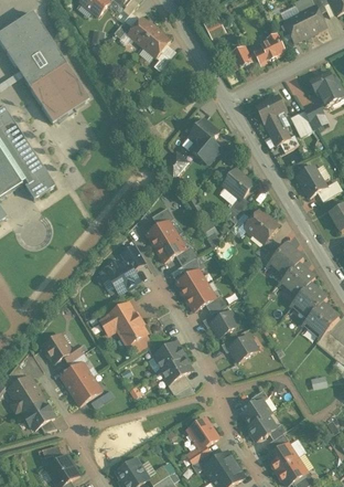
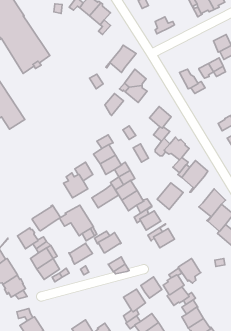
building: [255,33,284,63] -> none
building: none -> [106,45,136,73]
building: [256,94,286,121] -> none
building: [297,165,325,195] -> none
building: [279,263,314,299] -> [157,183,183,210]
building: none -> [92,185,119,208]
building: none -> [32,205,61,231]
building: [160,354,192,383] -> [69,243,92,264]
building: none -> [178,258,201,283]
building: none -> [141,277,162,298]

